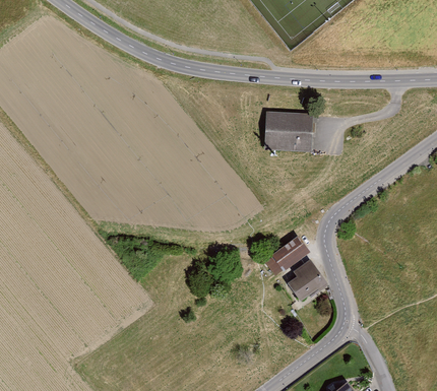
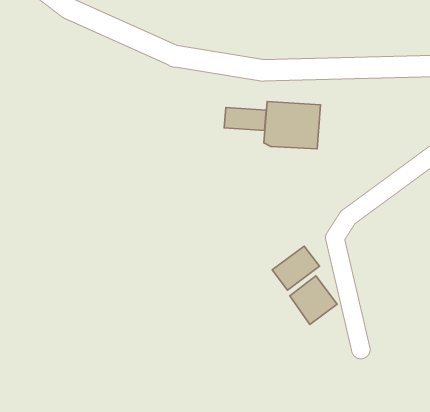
building: none -> [224,107,266,131]

